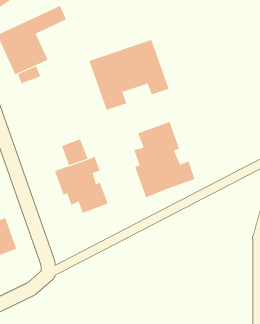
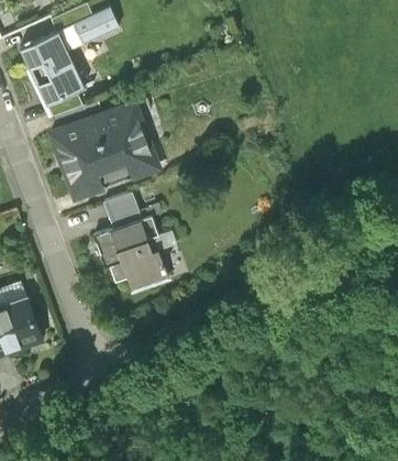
building: [89,39,170,111] -> [46,102,157,200]
building: [134,121,195,198] -> none

